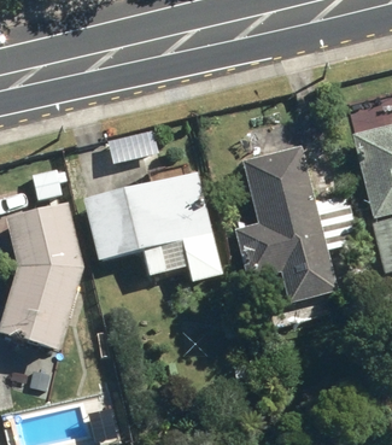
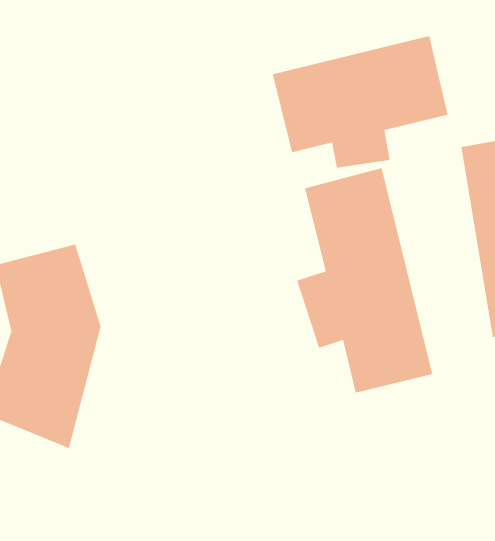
building: none -> [272,35,448,168]
building: [88,166,220,281] -> none

